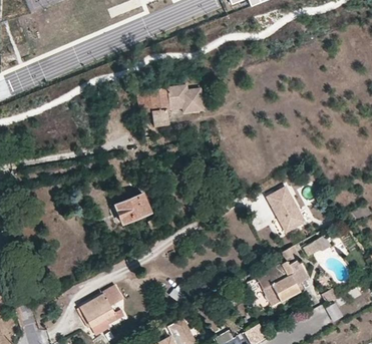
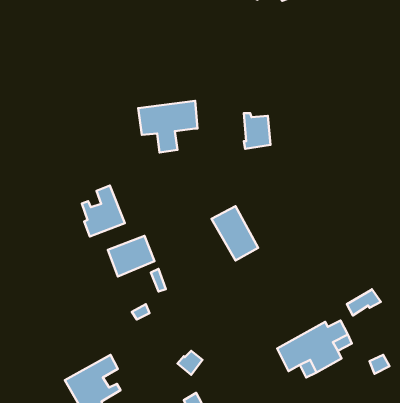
building: [182,85,204,113] -> [244,113,270,149]
building: none -> [82,185,125,236]
building: [267,187,304,230] -> [211,206,258,260]

